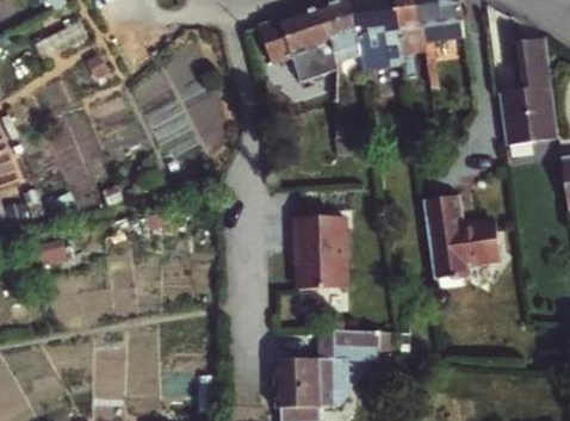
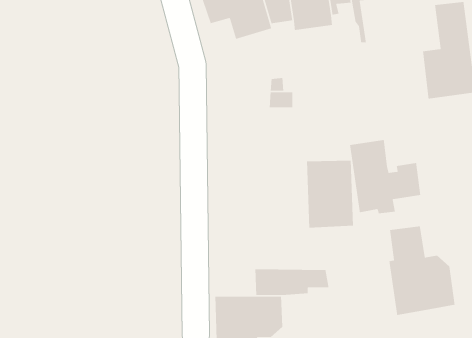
building: [296,218,347,292] -> [306,160,354,228]
building: none -> [388,225,455,316]

